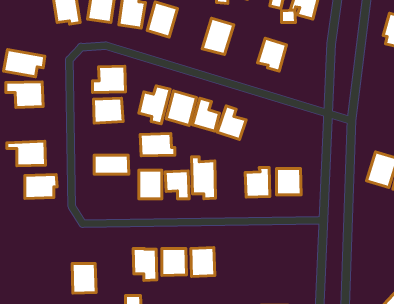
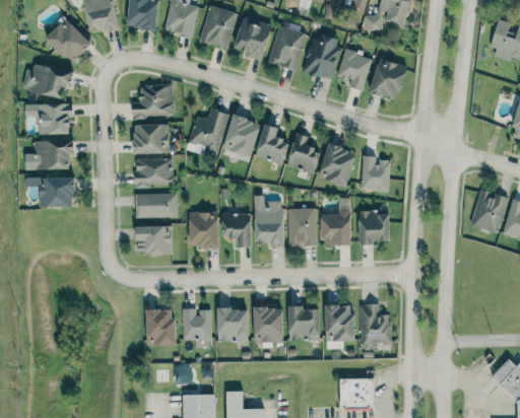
building: none -> [234,17,271,60]
building: none -> [46,18,91,64]
building: none -> [302,33,340,80]
building: none -> [369,58,405,100]
building: none -> [318,144,355,186]
building: none -> [361,155,390,191]
building: [140,134,175,156] -> [134,158,177,186]
building: none -> [287,208,317,246]
building: [25,175,57,198] -> [35,140,74,169]
building: none -> [136,225,172,255]
building: none -> [325,304,353,341]
building: none -> [359,304,390,350]
building: none -> [288,307,319,340]
building: [72,263,96,293] -> [145,309,175,346]

